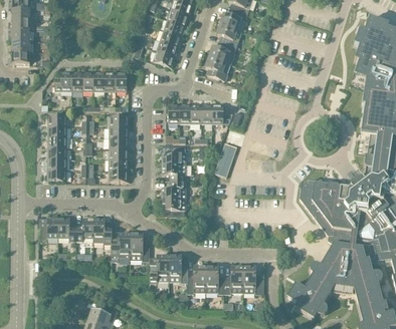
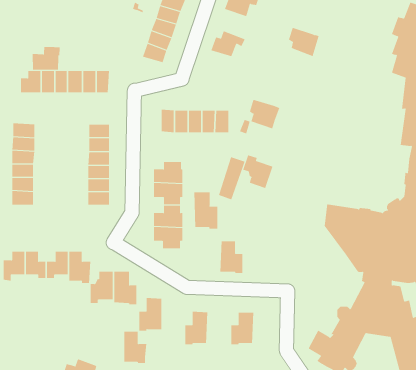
building: [216,23,241,47] -> [288,27,319,57]
building: none -> [32,46,60,70]
building: [205,56,230,80] -> [249,99,280,129]
building: none -> [243,154,273,189]
building: none -> [194,191,218,229]
building: [169,256,188,282] -> [123,331,147,363]
building: [205,267,224,293] -> [220,241,243,273]
building: [242,267,261,294] -> none

